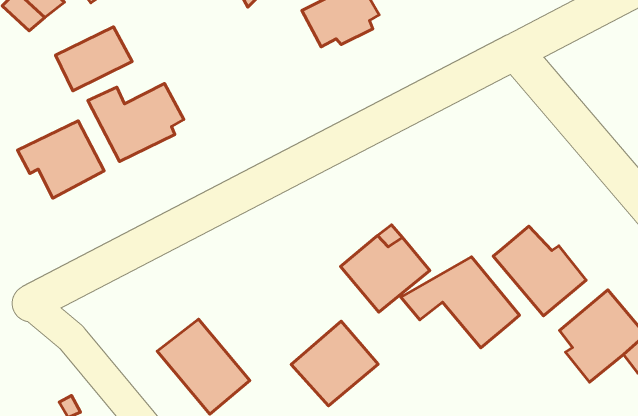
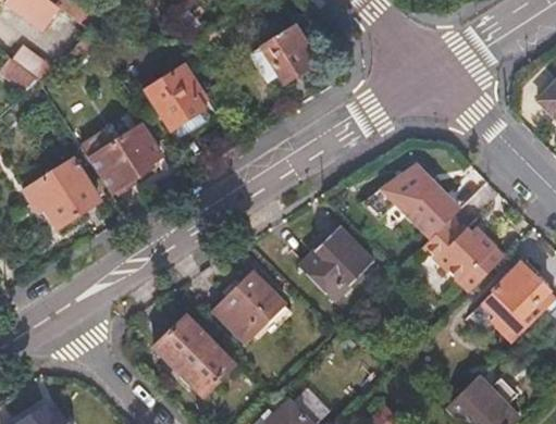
building: none -> [146,65,201,127]
building: [55,27,132,91] -> none
building: [401,257,519,348] -> [360,164,459,238]
building: [291,321,378,406] -> [213,271,285,341]

